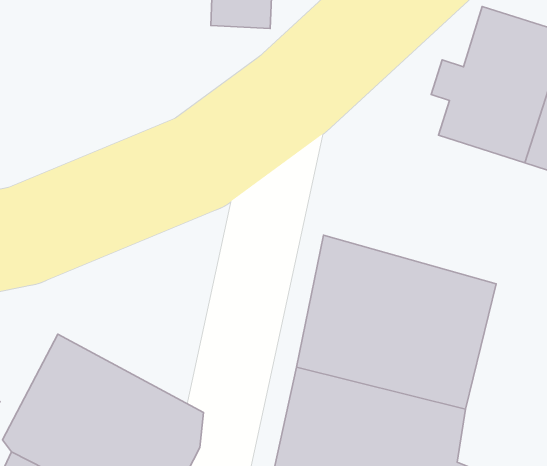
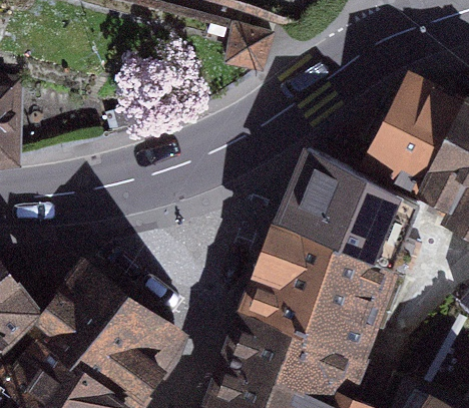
building: none -> [278,151,424,275]

